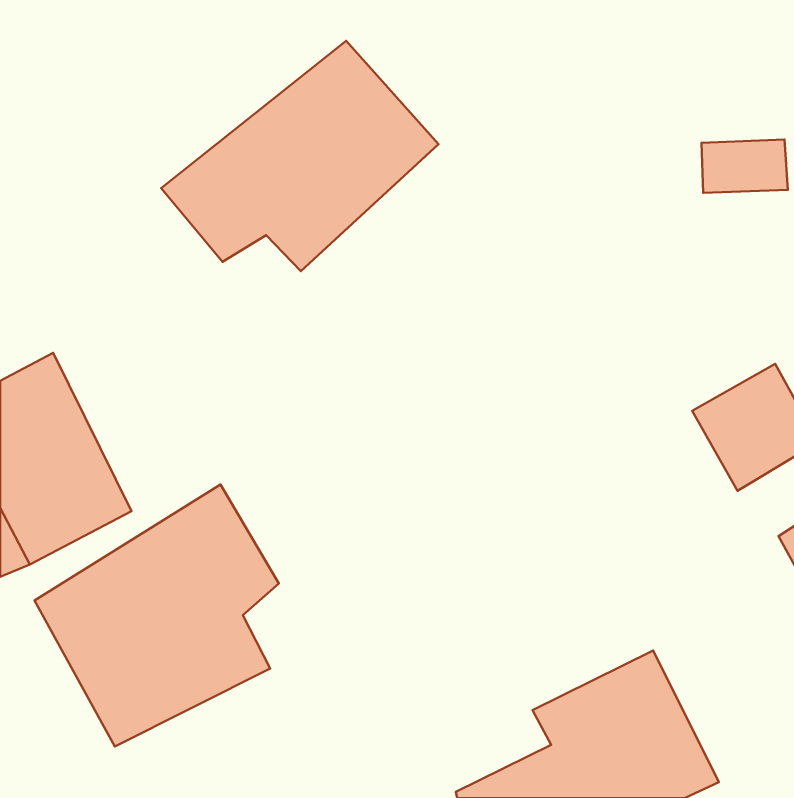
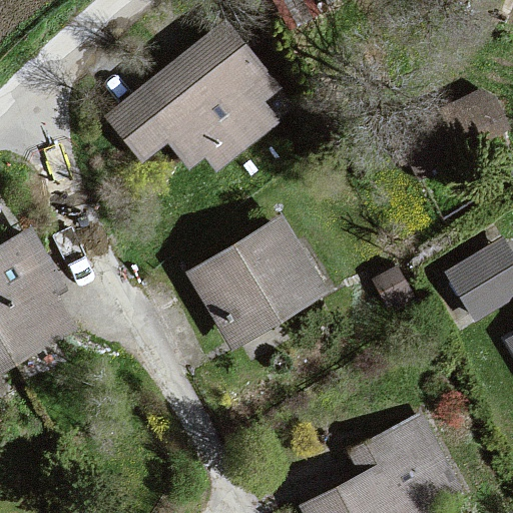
building: none -> [185,221,328,351]
building: [35,485,279,746] -> none

